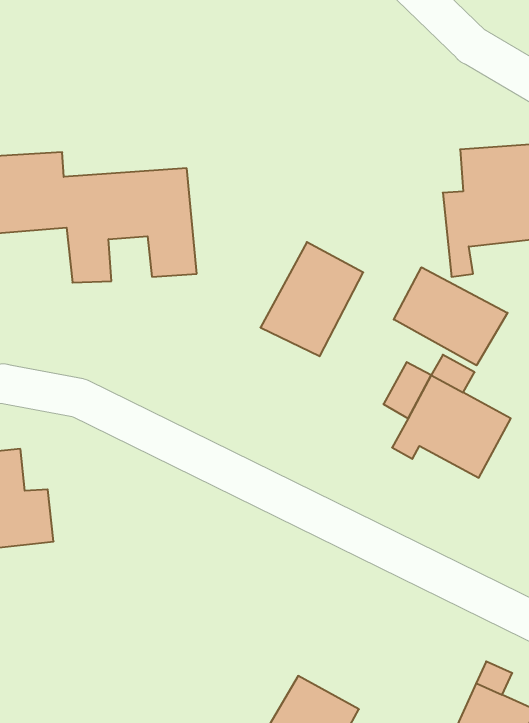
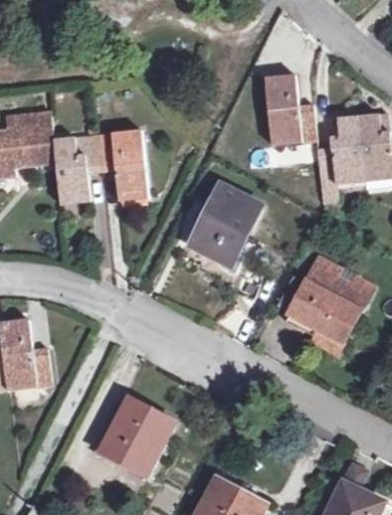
building: none -> [267,69,316,142]
building: [394,267,508,365] -> none
building: none -> [104,401,172,475]

